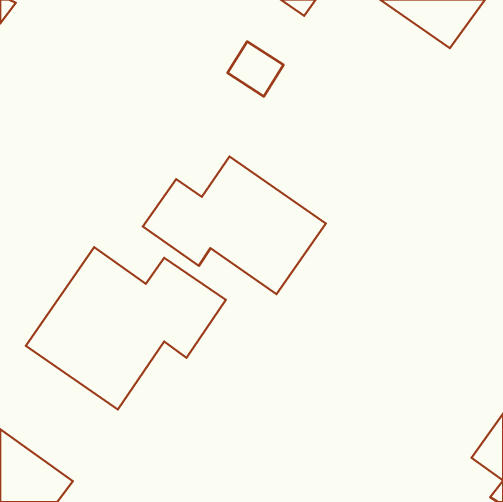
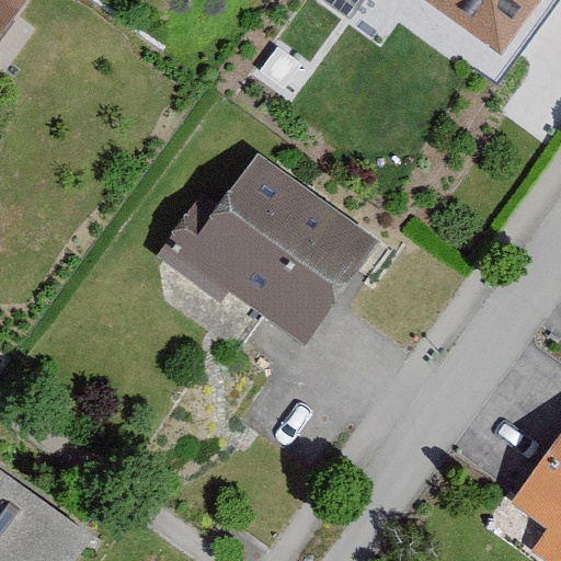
building: [26,247,226,409] -> none

